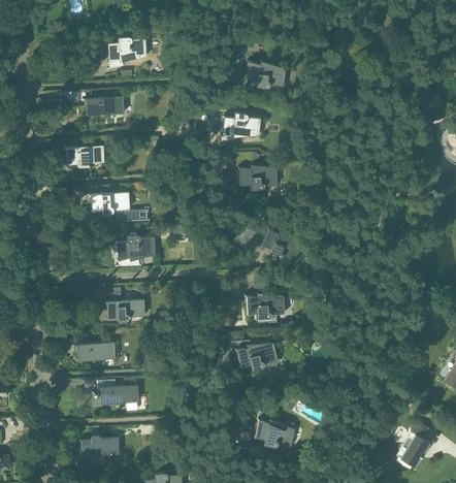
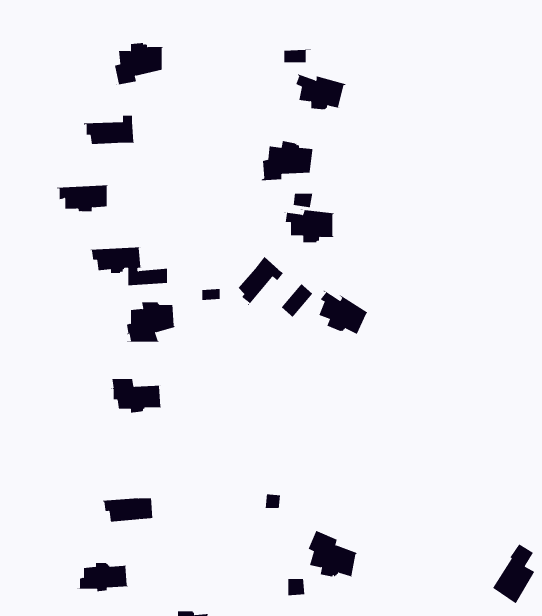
building: none -> [238,255,284,306]
building: [243,293,283,323] -> none
building: [233,340,280,369] -> none
building: [72,343,113,361] -> none

